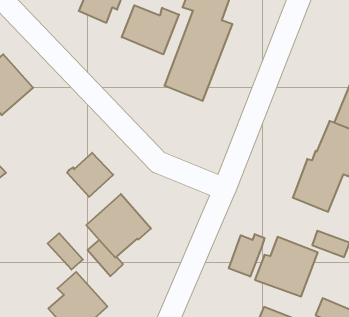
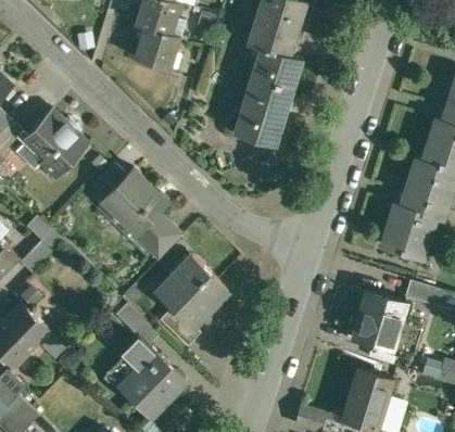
building: [122,5,179,54] -> none
building: none -> [100,169,165,233]
building: [229,234,265,277] -> none

